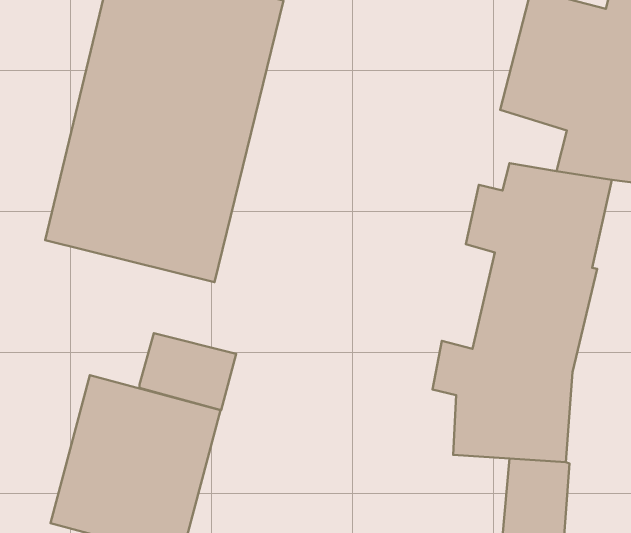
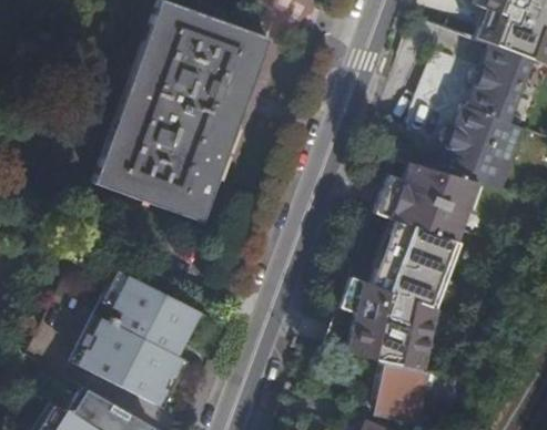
building: [140,333,236,410] -> none

